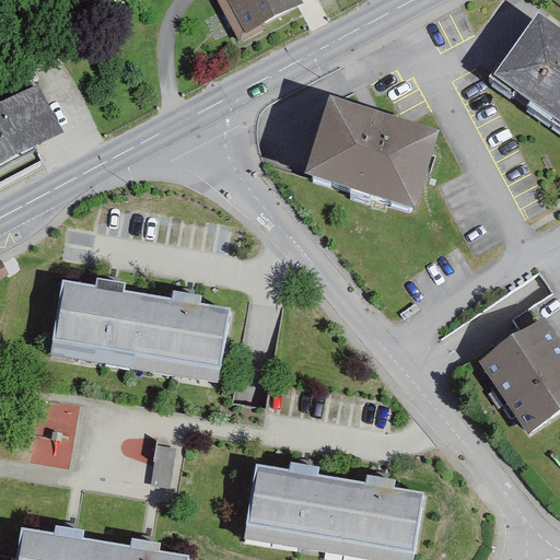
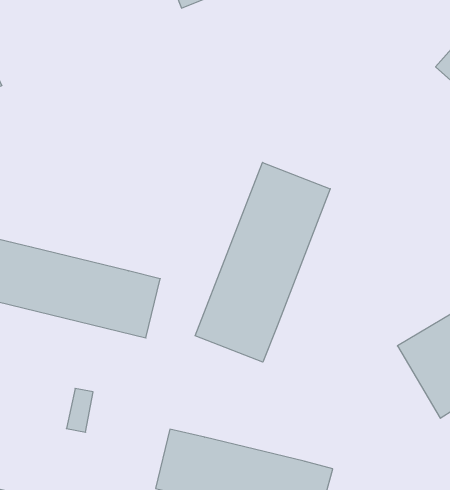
building: [311,105,442,211] -> none
building: none -> [195,162,330,362]

